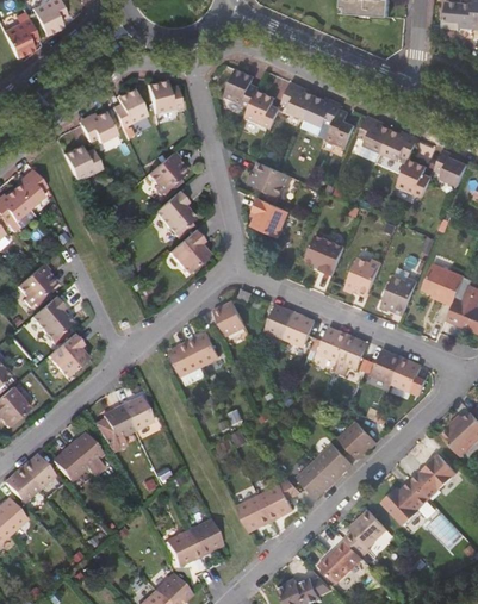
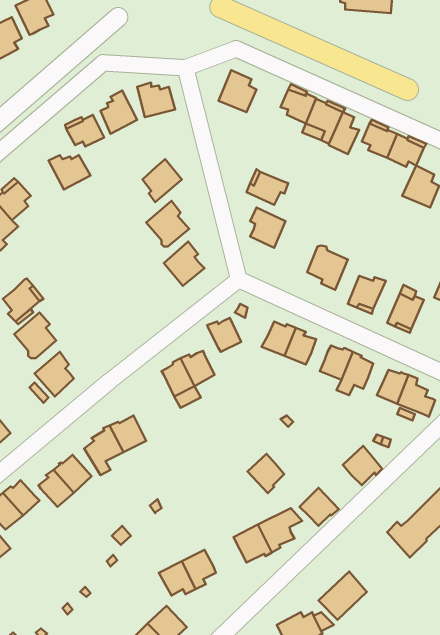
building: [246,87,280,125] -> none
building: [316,444,350,481] -> [248,454,284,493]
building: [342,511,384,558] -> none

